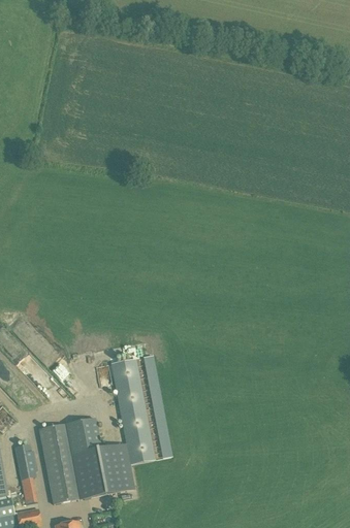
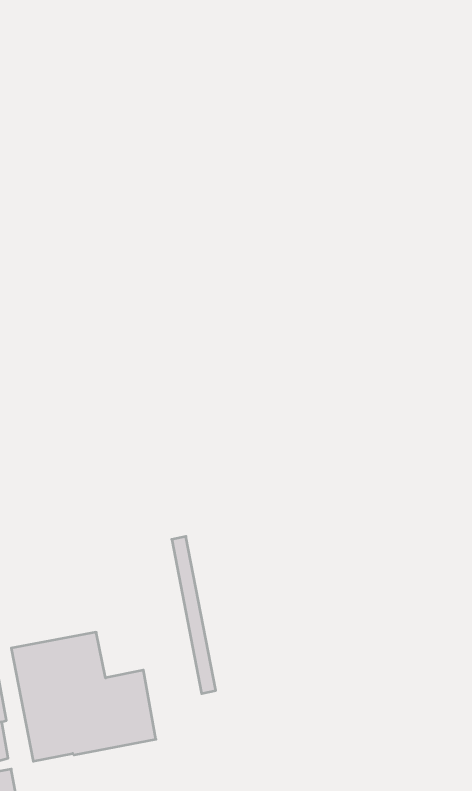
building: [112,359,155,463] -> none

